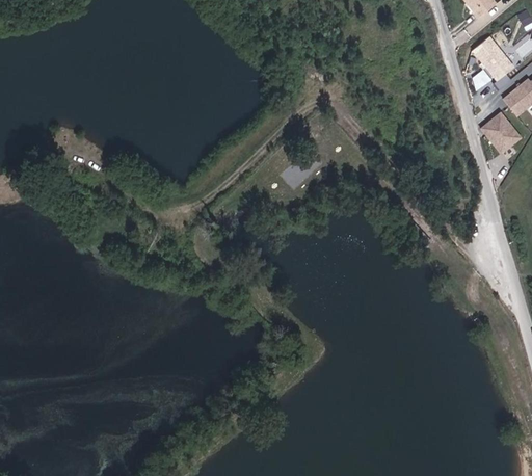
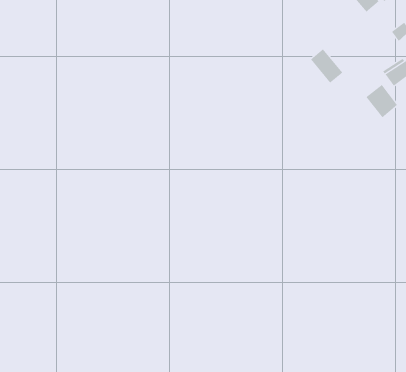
building: [473,36,514,80] -> [310,49,343,83]

